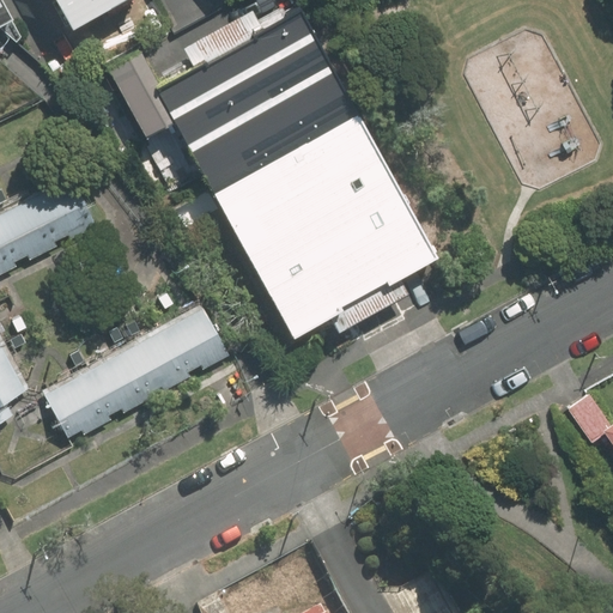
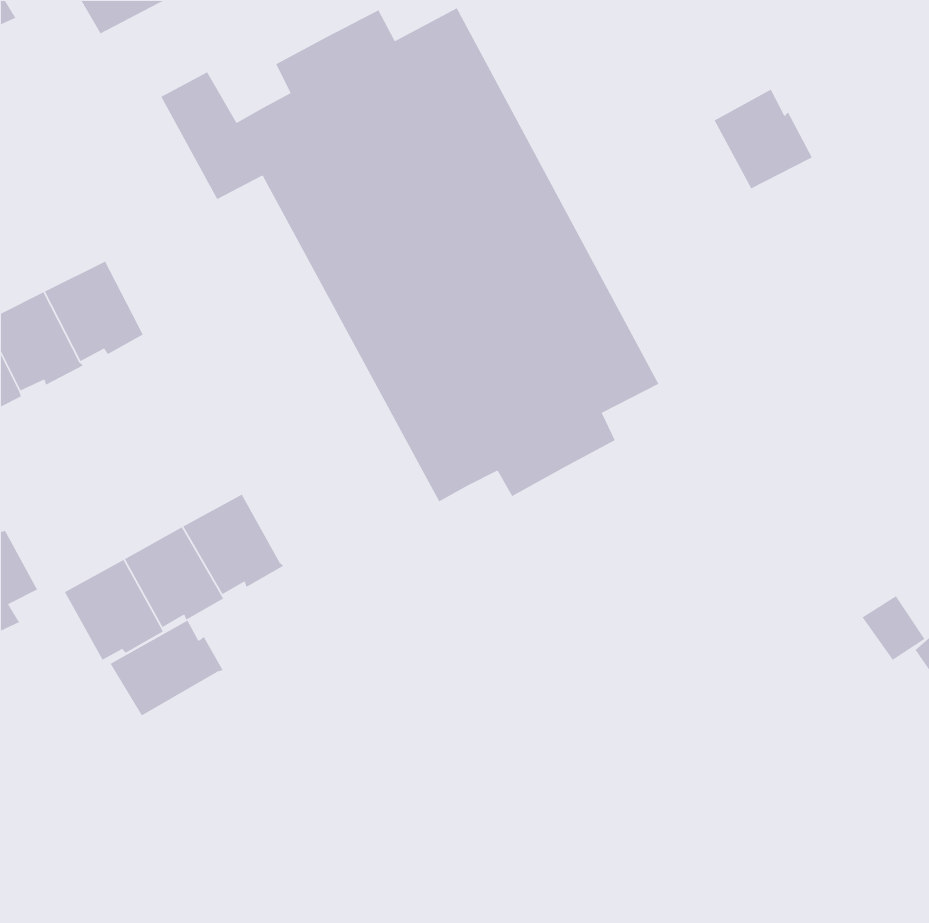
building: none -> [714,88,813,190]
building: [160,308,227,375] -> none
building: none -> [110,620,224,717]

